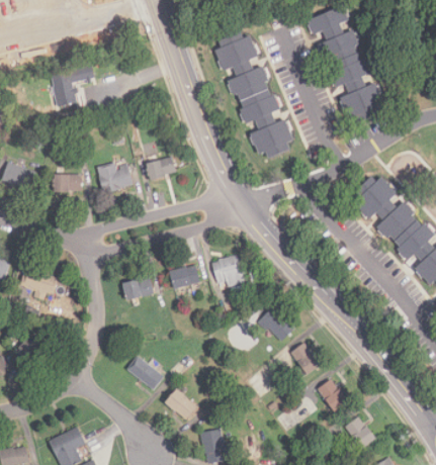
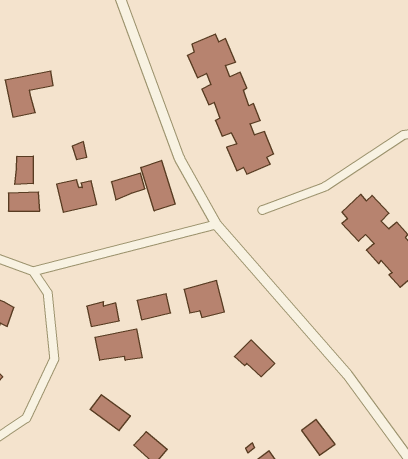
building: [308,6,383,121] -> none
building: none -> [15,156,33,184]
building: none -> [141,160,175,211]
building: none -> [95,329,142,360]
building: [290,343,321,376] -> none

